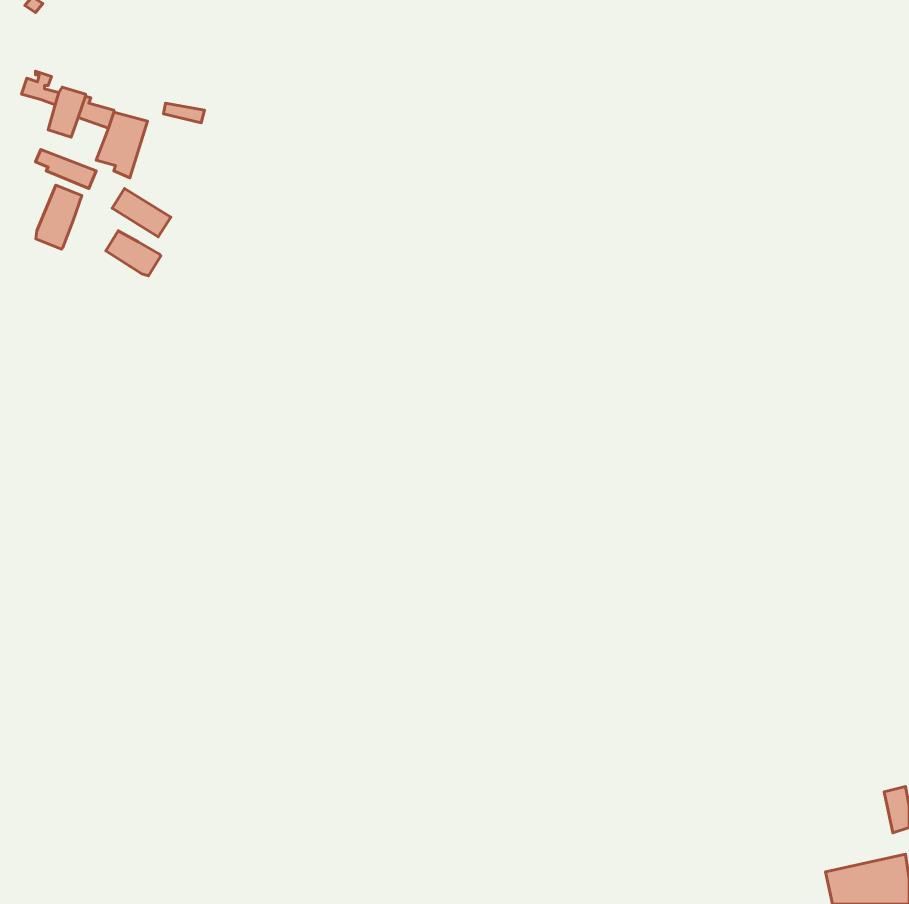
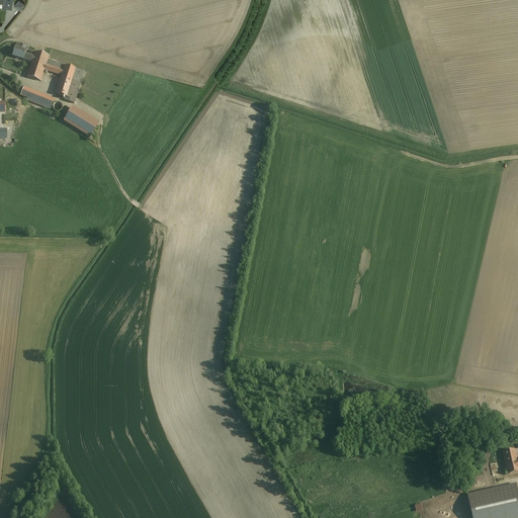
building: [36,185,82,249] -> none
building: [106,231,161,276] -> none

